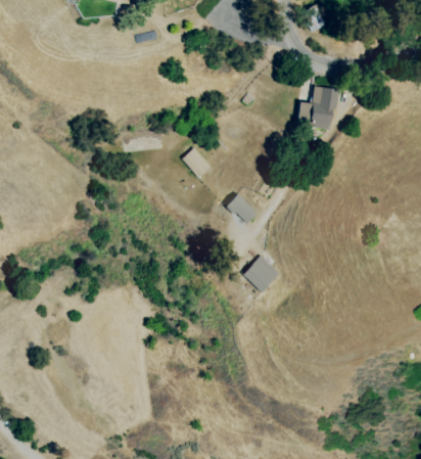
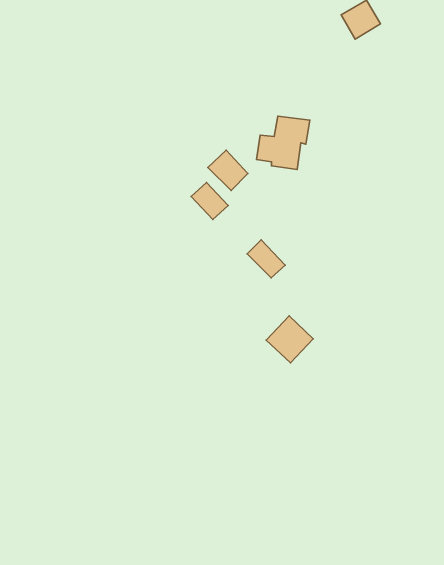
building: [298,86,341,129] -> [256,116,310,170]
building: none -> [208,150,248,190]

